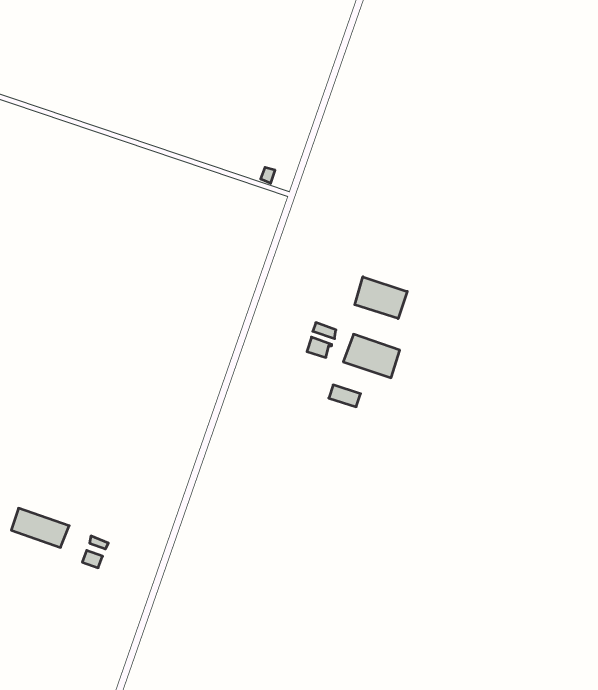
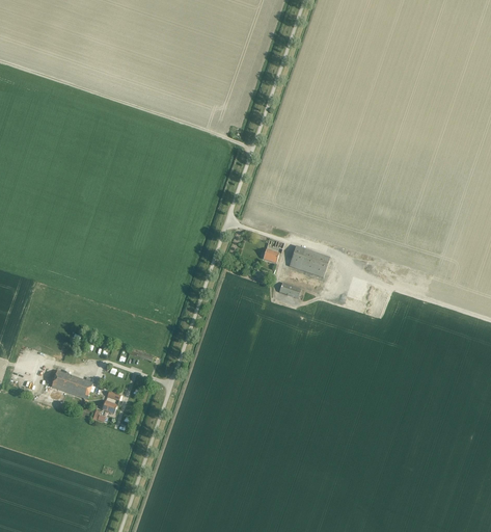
building: [355,277,407,319] -> none

